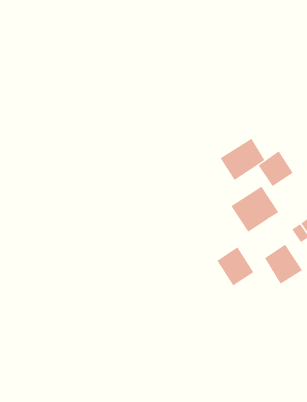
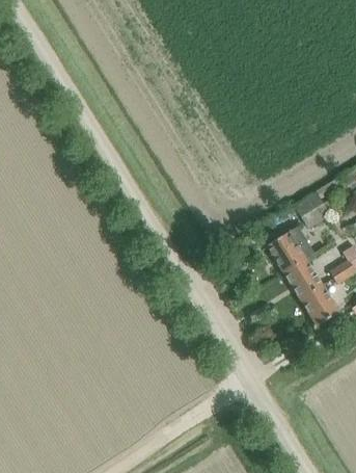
building: [220,138,265,181] -> none
building: [216,247,254,286] -> [283,258,322,298]

